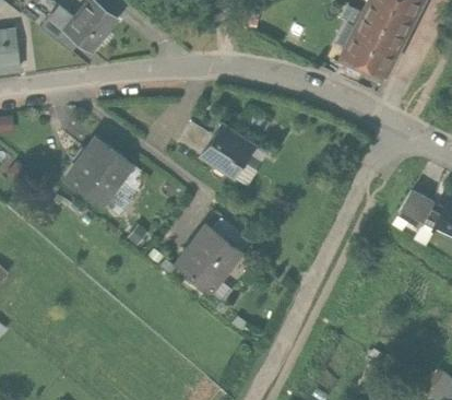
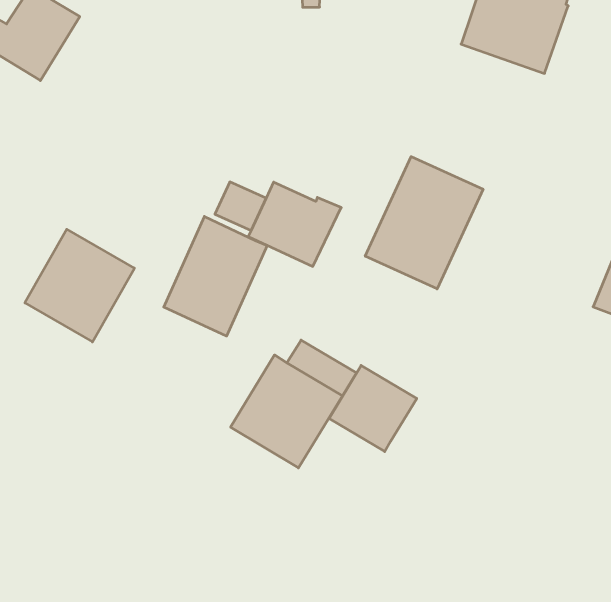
building: none -> [365,157,483,289]
building: none -> [164,216,267,336]
building: none -> [329,365,417,452]

